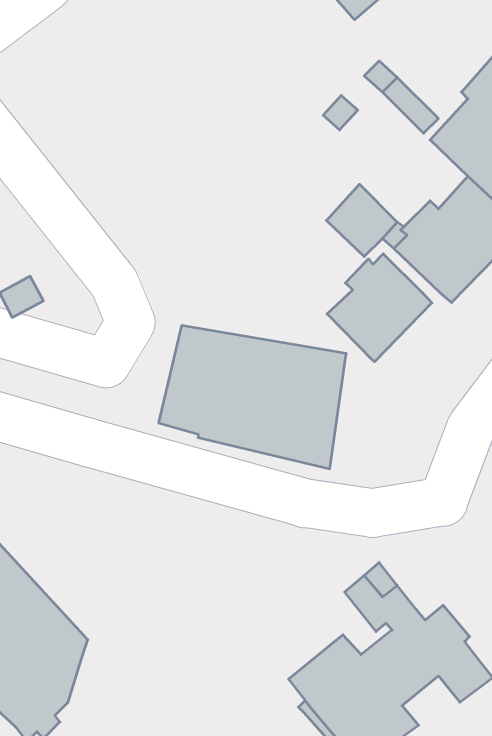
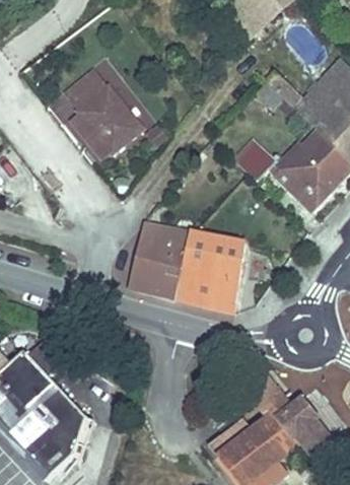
building: none -> [54,61,152,160]
building: [327,254,432,362] -> none

